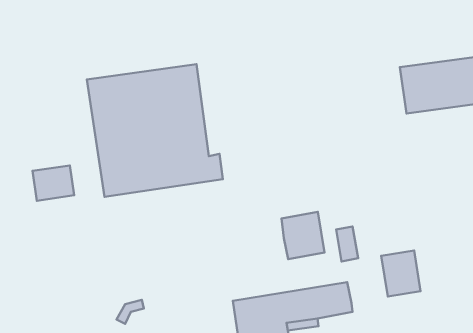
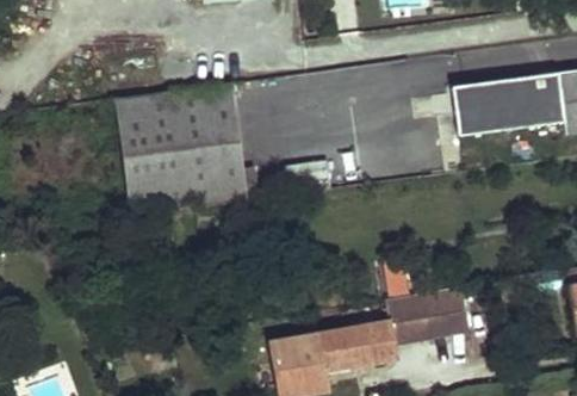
building: [32,165,74,201] -> none
building: [282,212,324,259] -> [393,290,440,341]

